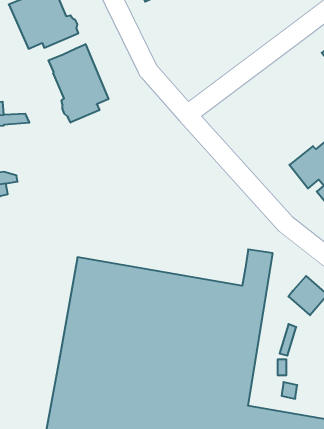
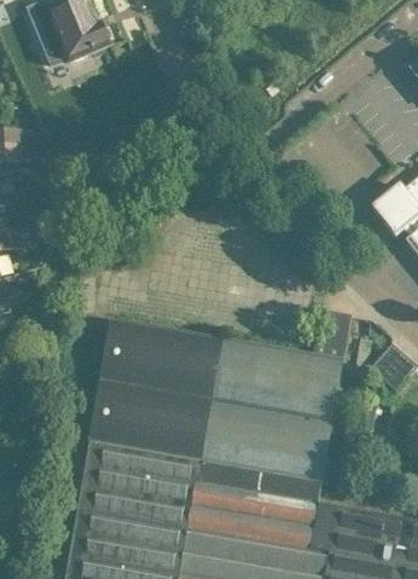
building: [48,44,108,123] -> none

